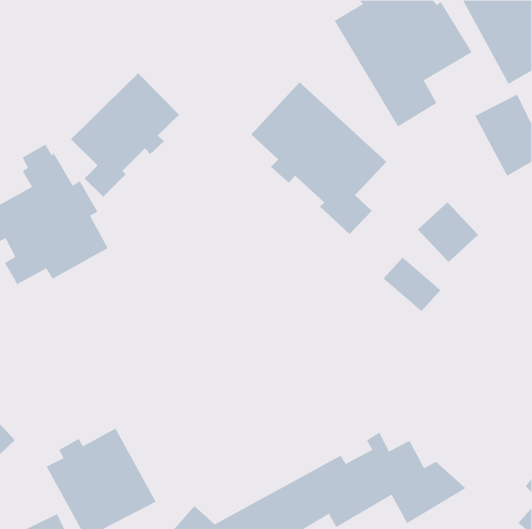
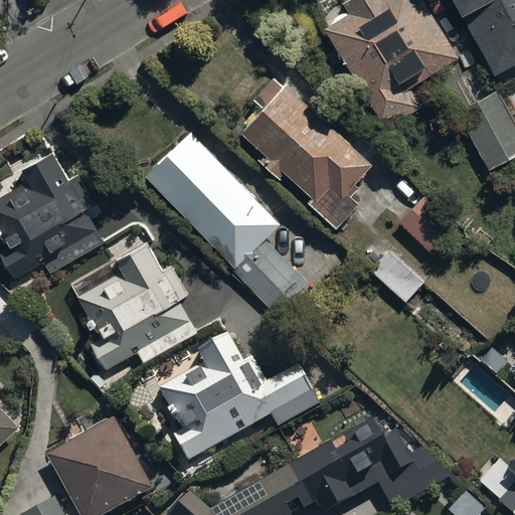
building: [70,73,180,197] -> none
building: none -> [144,129,305,312]
building: none -> [69,236,195,368]
building: none -> [159,330,319,459]

